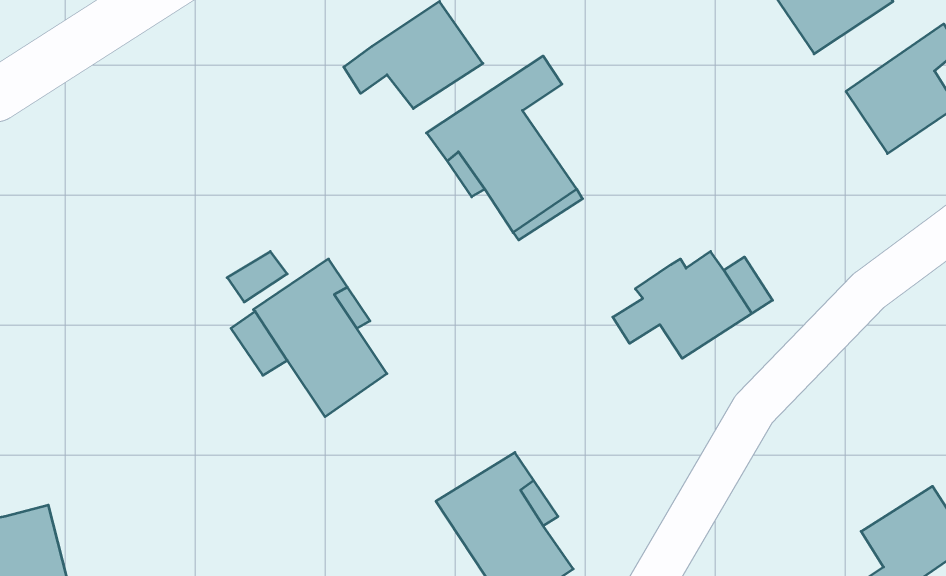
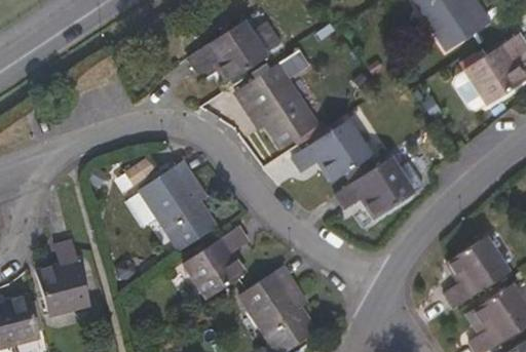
building: none -> [293,121,374,181]
building: none -> [184,227,248,298]
building: none -> [446,237,509,307]
building: none -> [37,242,89,315]

